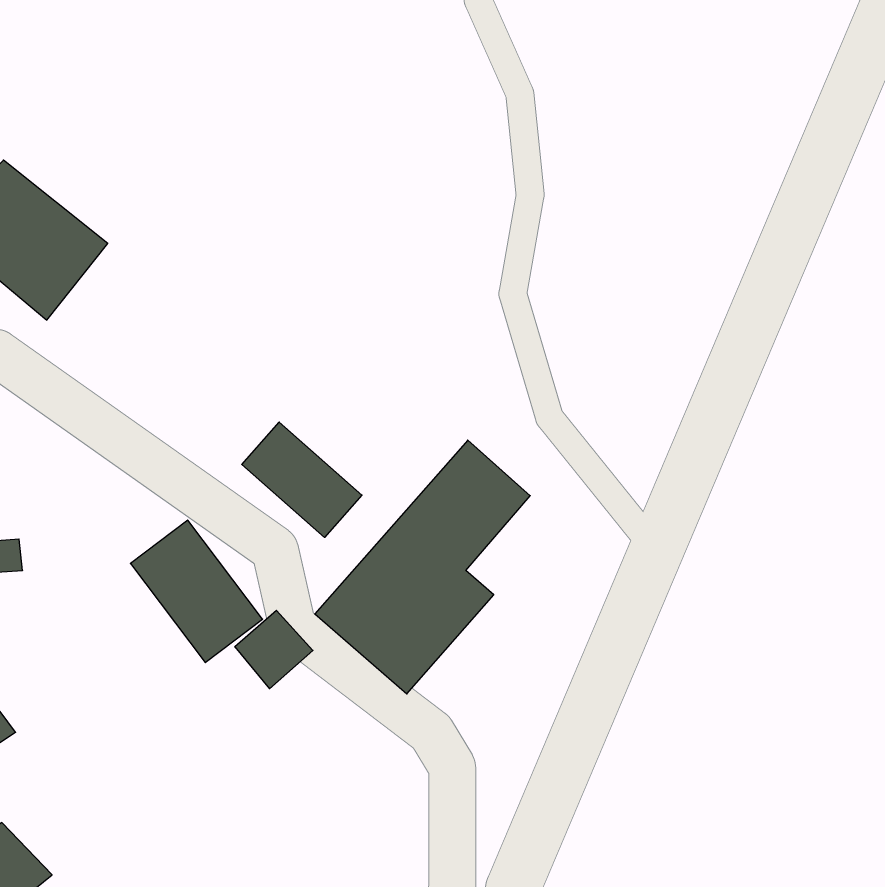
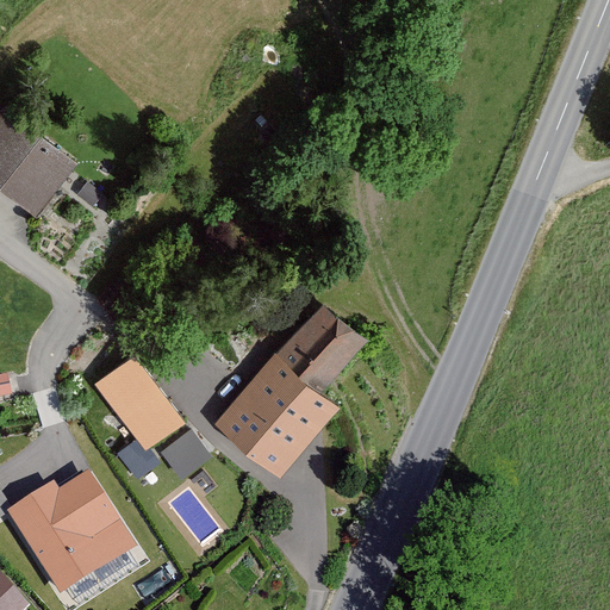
building: [242,422,362,537] -> none
building: none -> [5,471,135,593]

